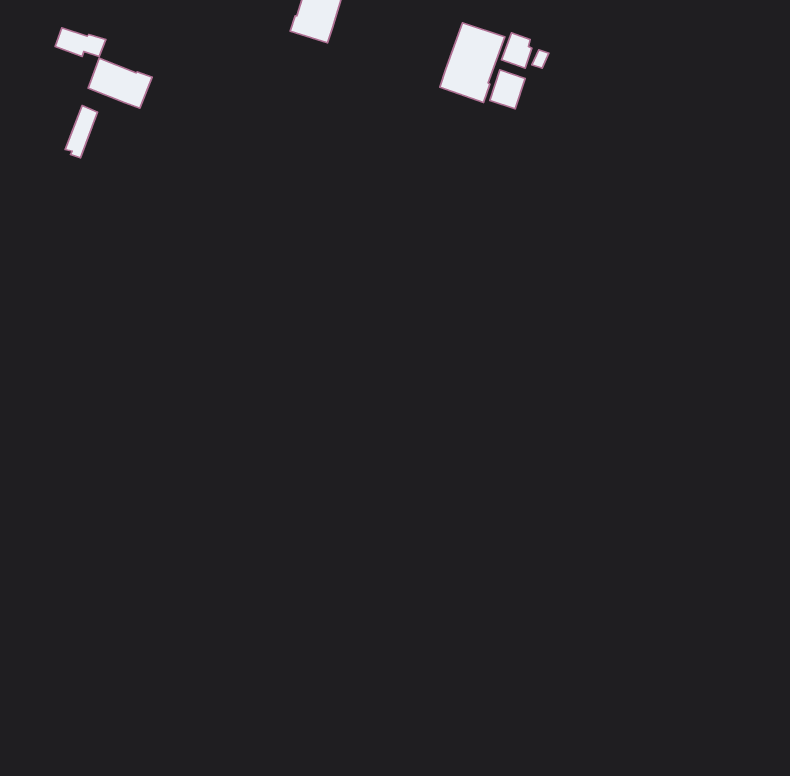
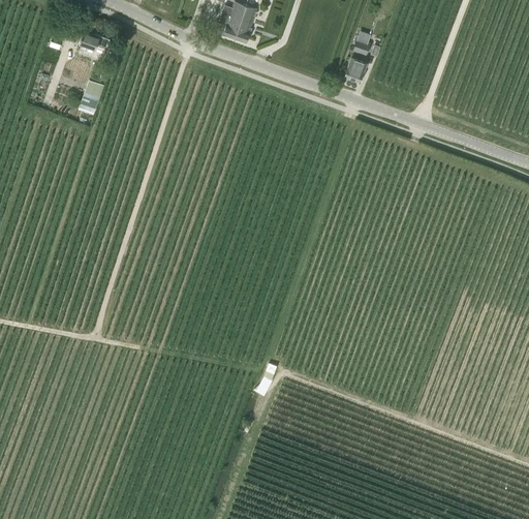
building: [440,23,505,102] -> none
building: [88,58,152,108] -> none

